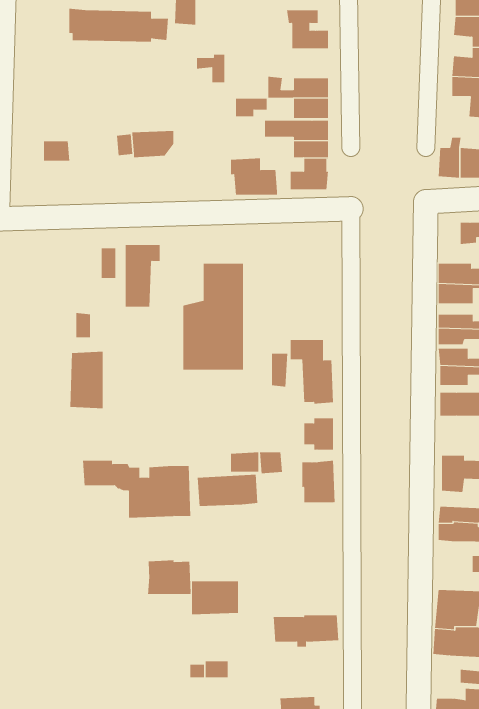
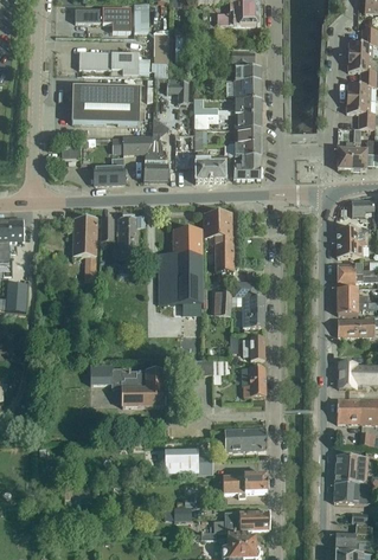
building: none -> [235,79,261,99]
building: none -> [70,85,140,124]
building: none -> [143,133,168,181]
building: none -> [94,157,124,184]
building: none -> [204,212,233,271]
building: [70,351,104,409] -> [72,217,96,257]
building: [197,474,258,506] -> [224,427,267,450]
building: [148,560,191,595] -> none
building: none -> [213,511,269,532]

